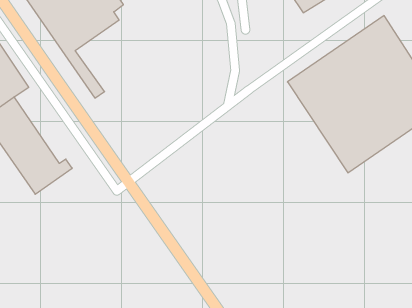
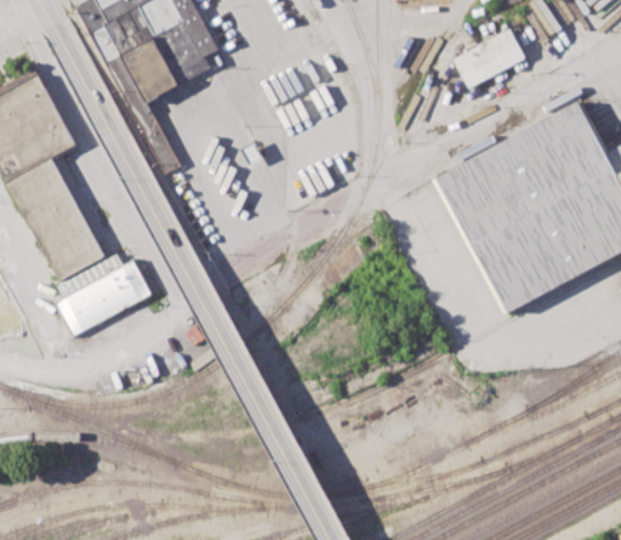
building: none -> [53,260,150,336]

